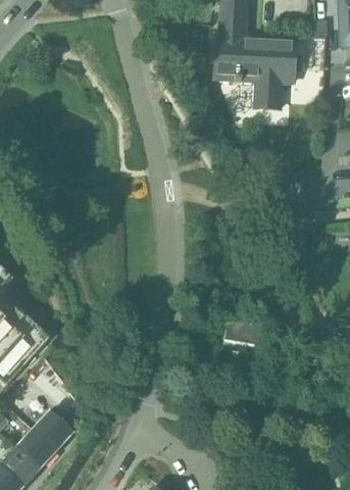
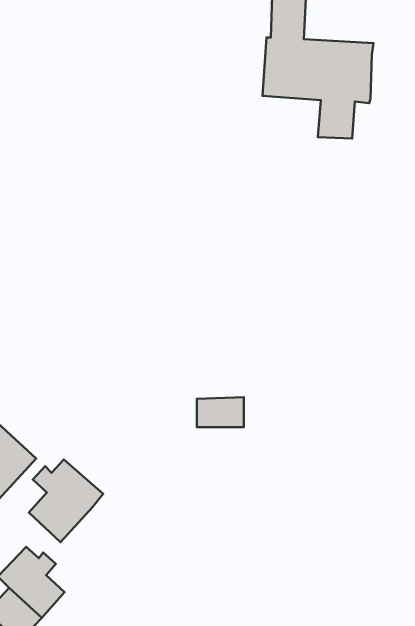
building: [226,321,259,342] -> [197,397,244,427]
building: none -> [29,459,103,542]

